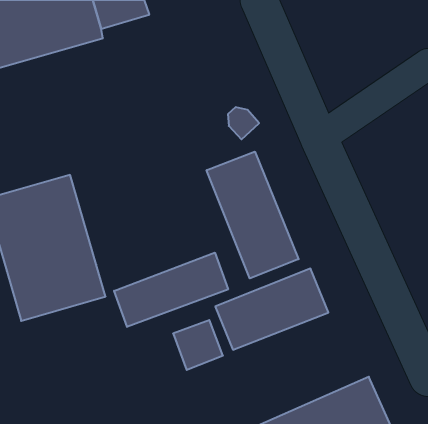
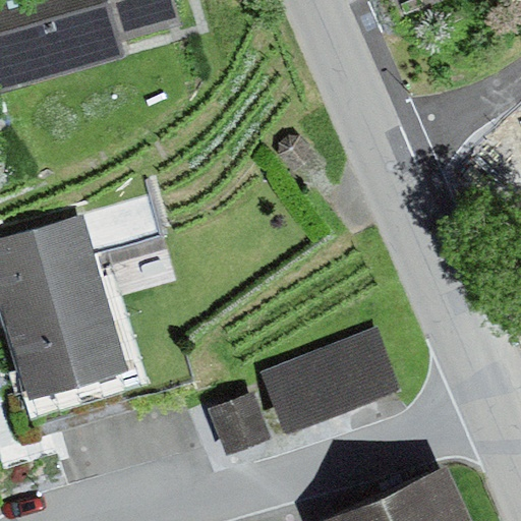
building: [207,152,299,278] -> none
building: [114,253,228,327] -> none

